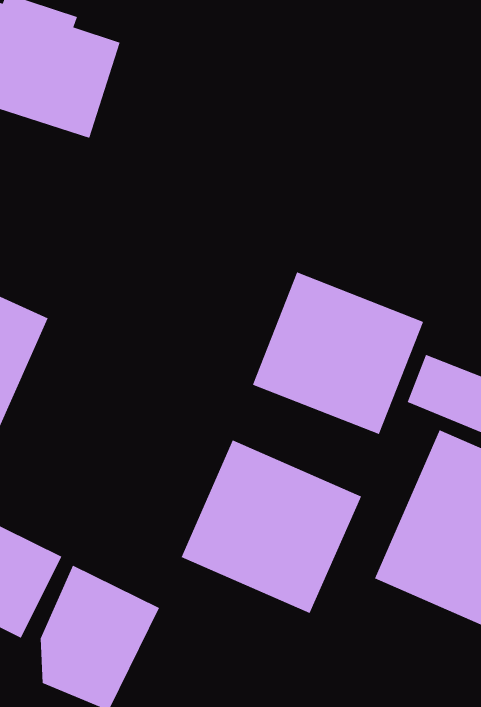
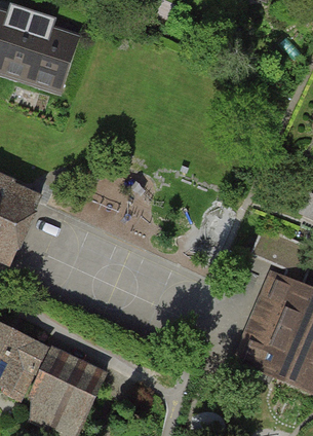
building: [252,272,424,435] -> none
building: [181,440,362,614] -> none

